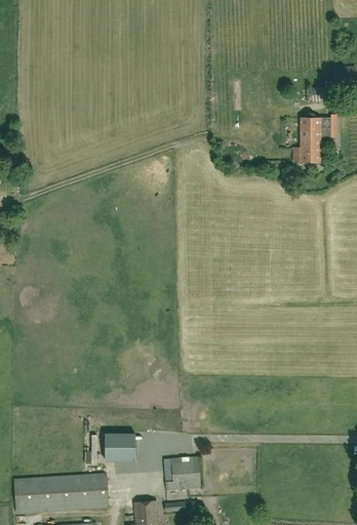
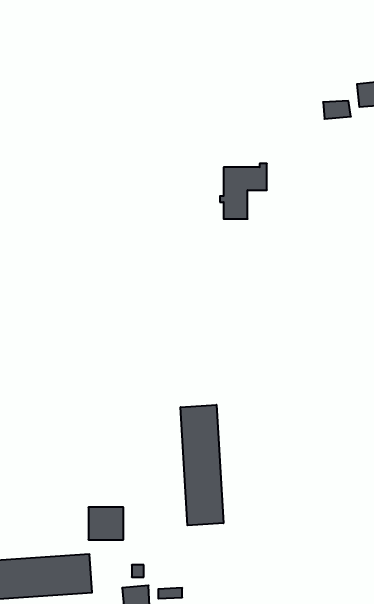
building: [296,115,336,162] -> [220,164,267,219]
building: none -> [181,405,223,525]
building: [163,457,200,490] -> none

